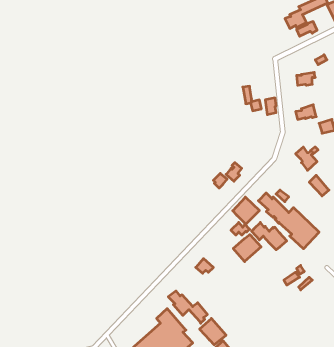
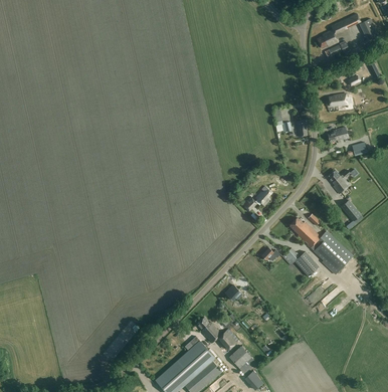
building: [233,197,259,224] -> none
building: [233,235,261,262] -> none

